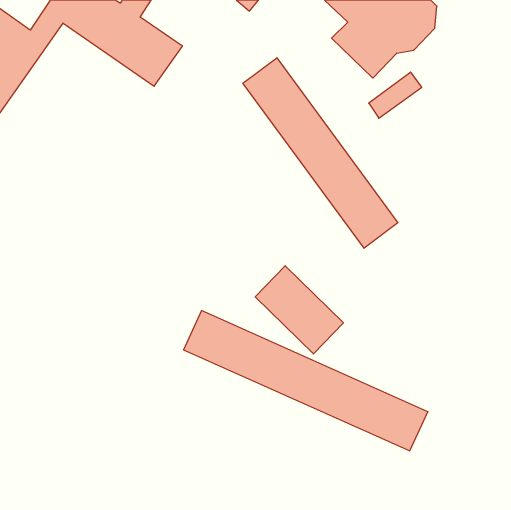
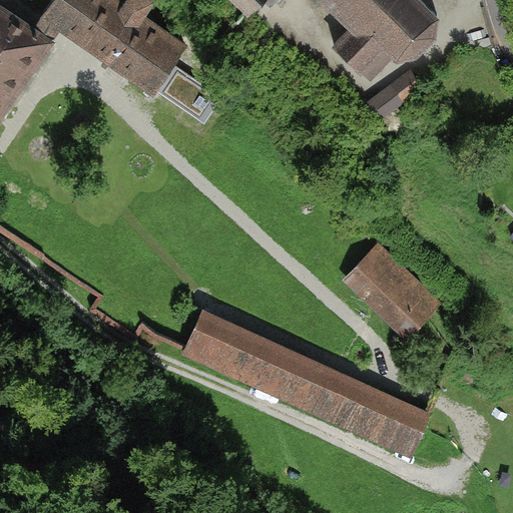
building: [243,58,398,248] -> none
building: [255,266,343,354] -> [350,247,438,336]

